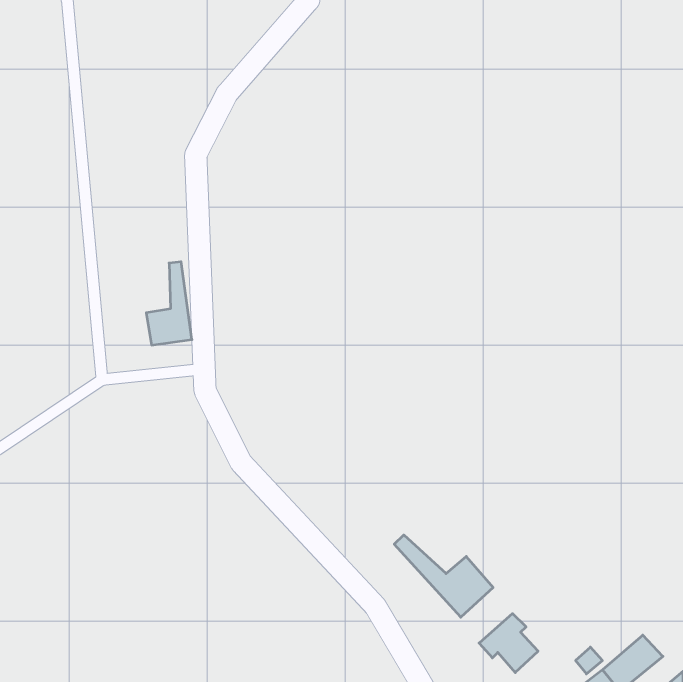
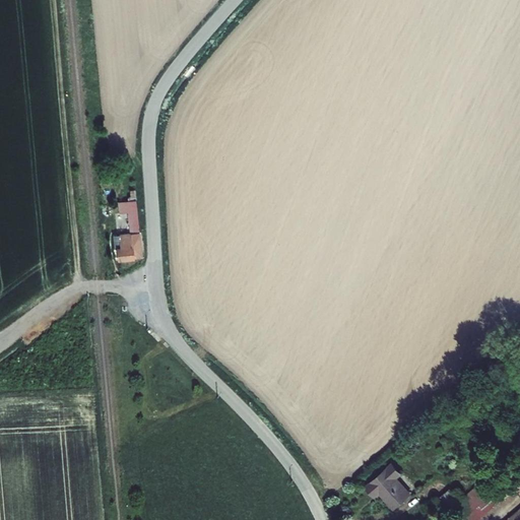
building: [394,535,493,617] -> none

